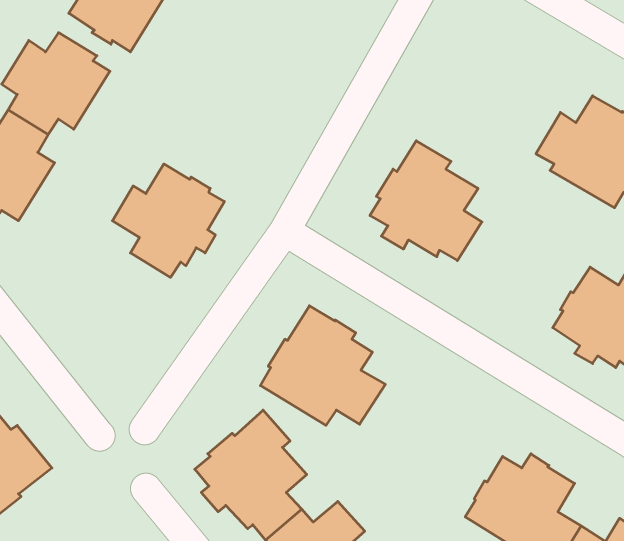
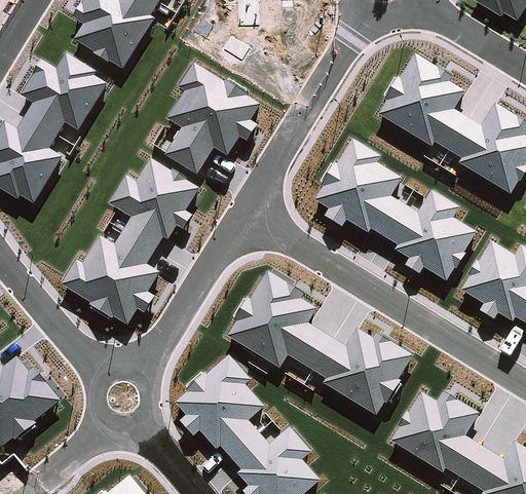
building: none -> [377,54,466,150]
building: none -> [165,63,259,174]
building: none -> [384,190,476,280]
building: none -> [61,229,160,325]
building: none -> [306,329,413,414]

